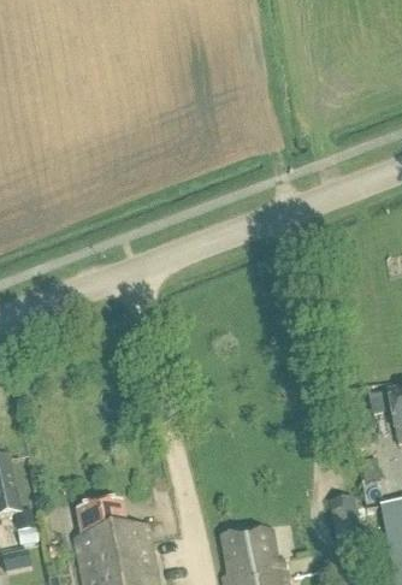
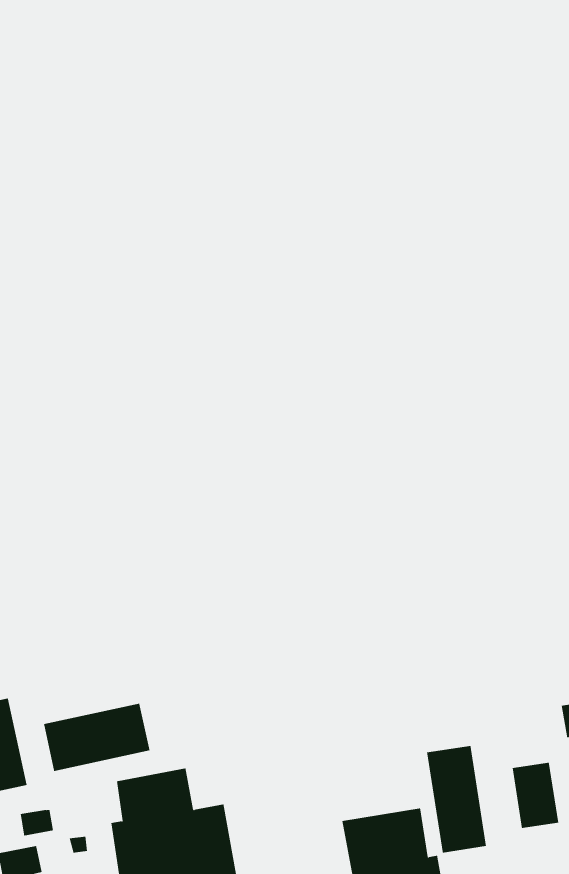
building: none -> [43,703,150,772]
building: none -> [426,745,487,853]

